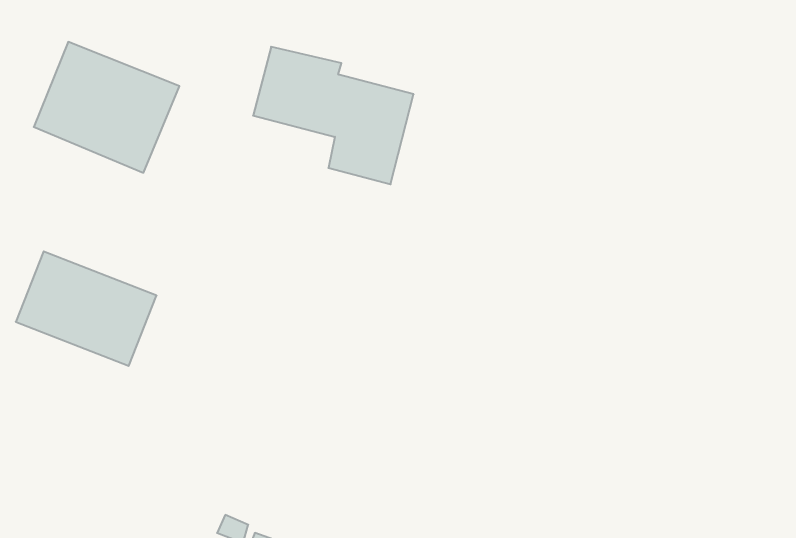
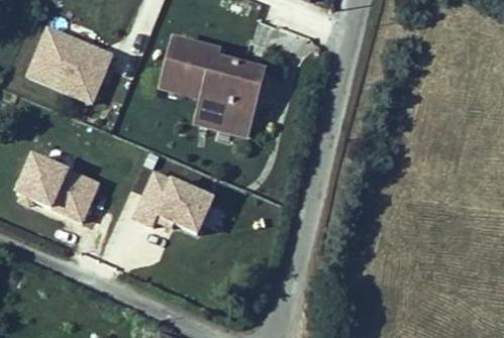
building: none -> [160,73,245,124]
building: none -> [134,173,217,242]

